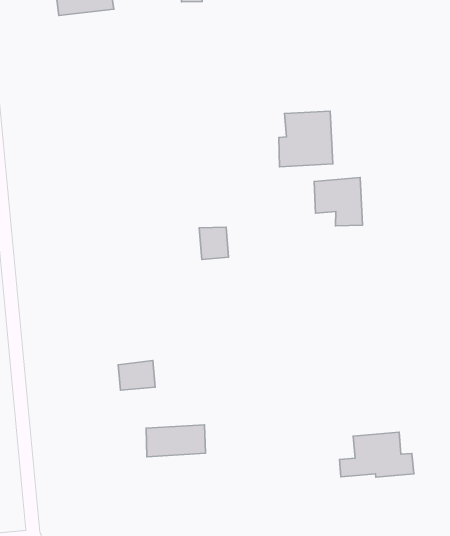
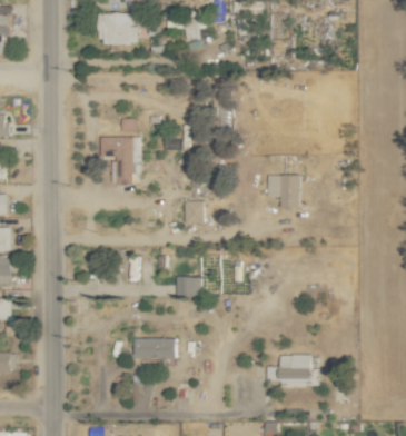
building: [279,111,333,167] -> none
building: none -> [100,137,141,186]
building: [118,360,155,390] -> [176,277,200,296]

